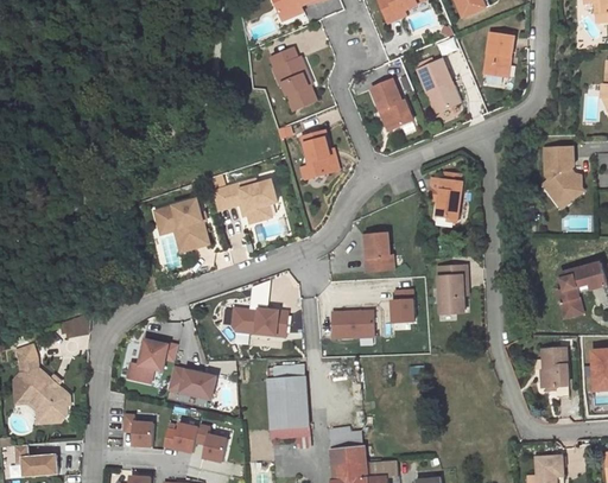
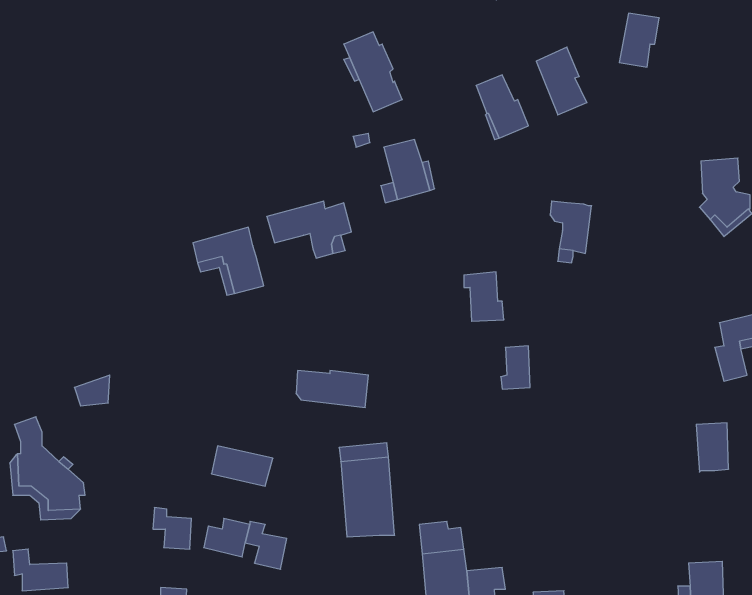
building: [437,266,467,313] -> none
building: [330,310,373,338] -> none
building: [126,338,177,382] -> none

